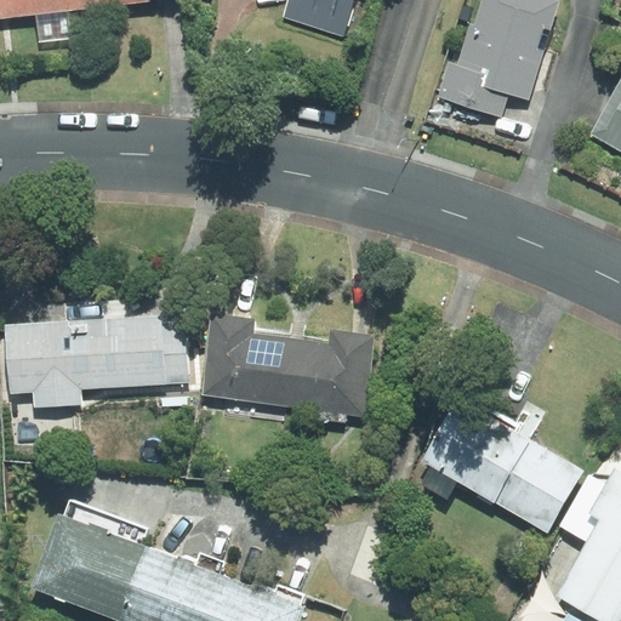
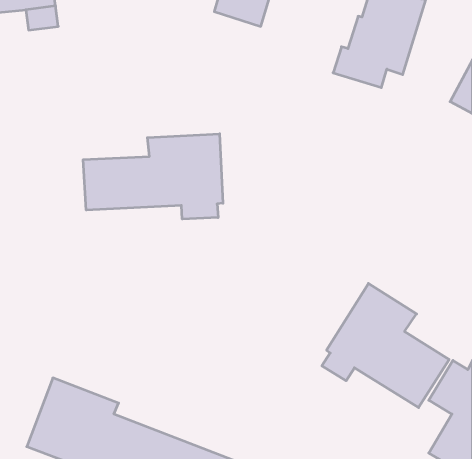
building: none -> [83,134,223,219]
building: [6,294,172,406] -> none
building: [206,310,380,426] -> none

